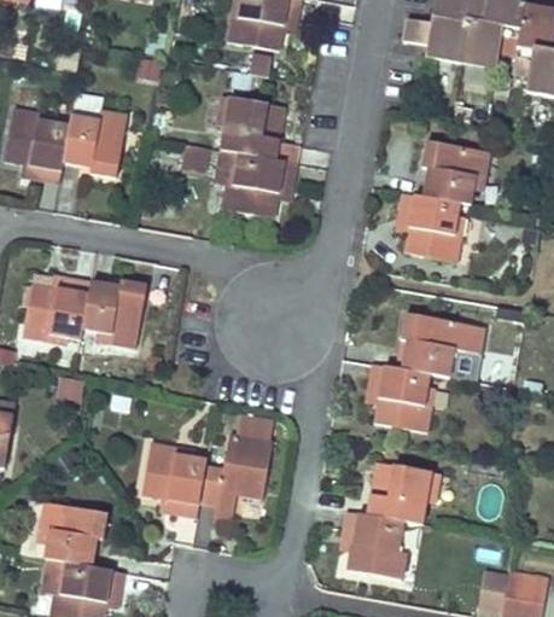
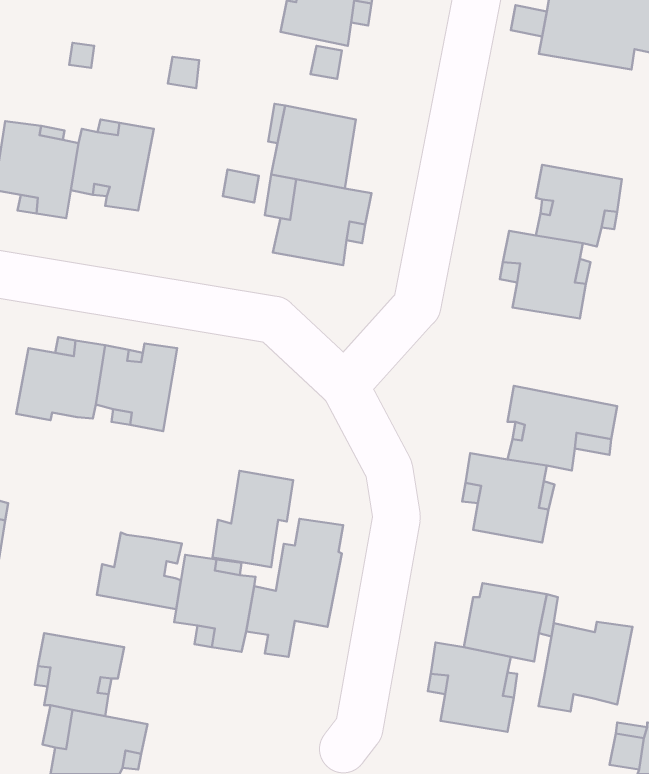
building: none -> [212,471,293,567]
building: none -> [97,533,182,609]
building: none -> [538,622,632,712]

